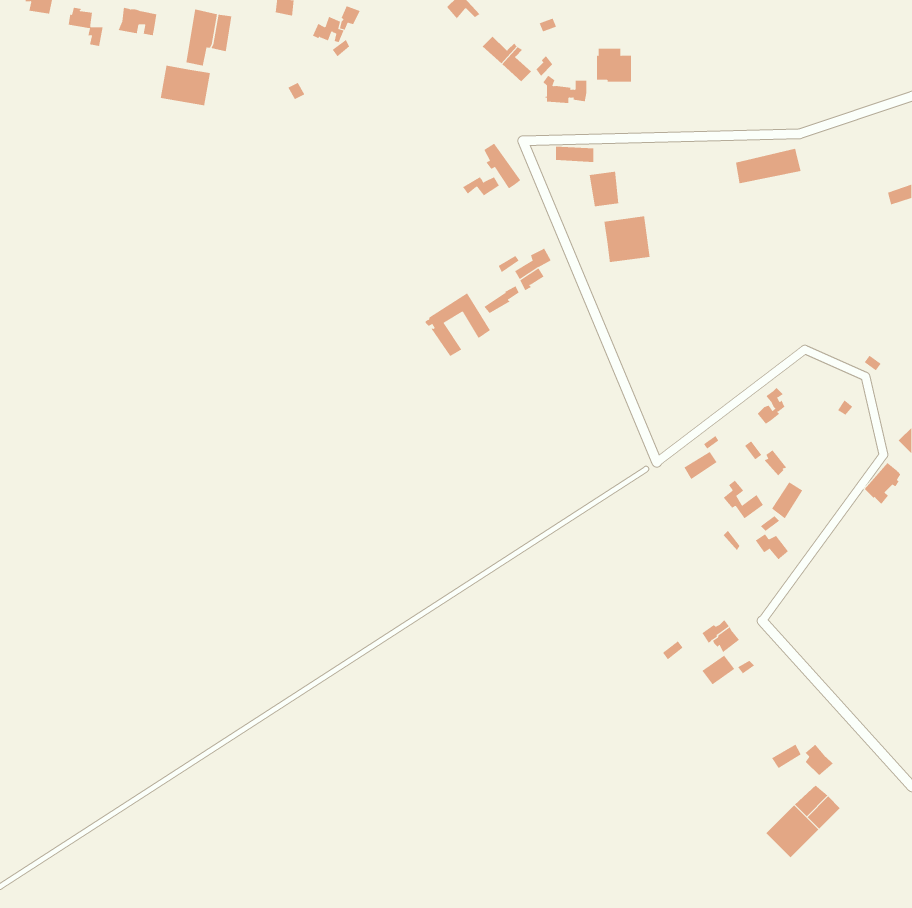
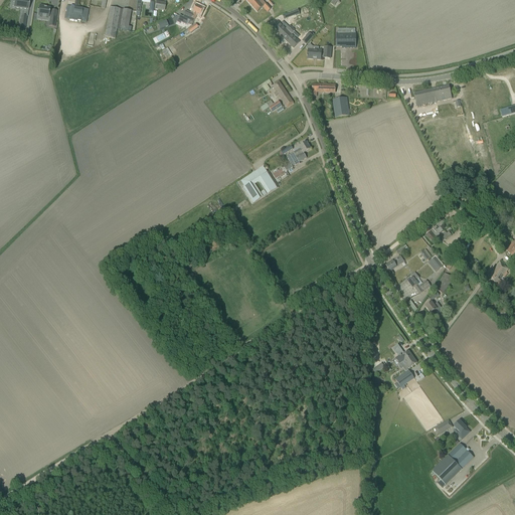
building: [160,65,210,106] -> none
building: [604,216,650,263] -> none

